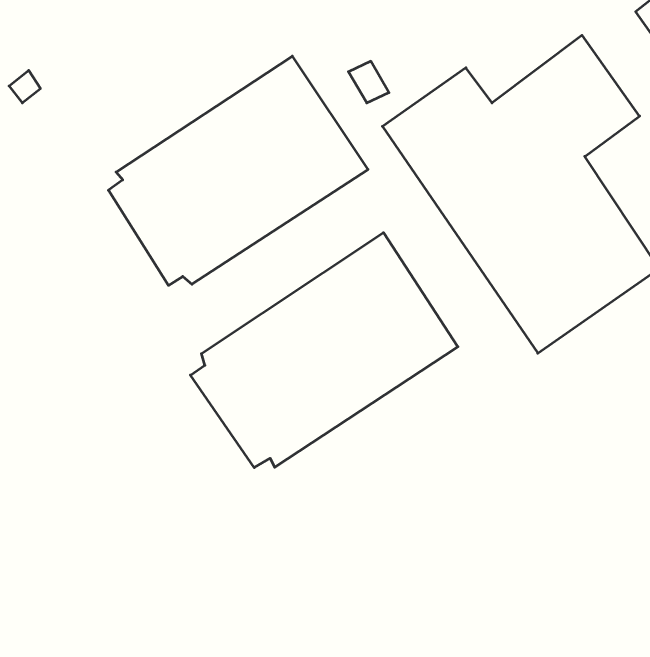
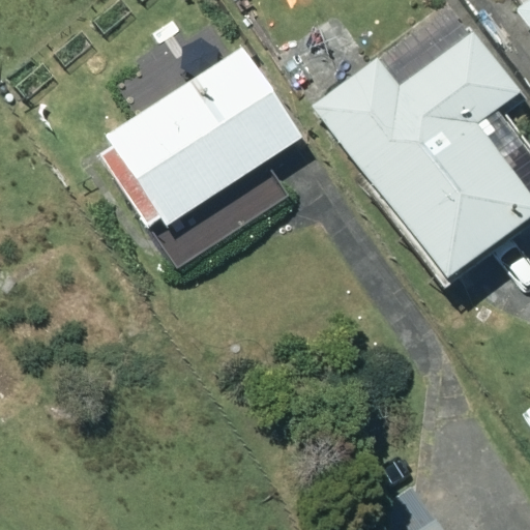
building: [190,233,458,468] -> none

